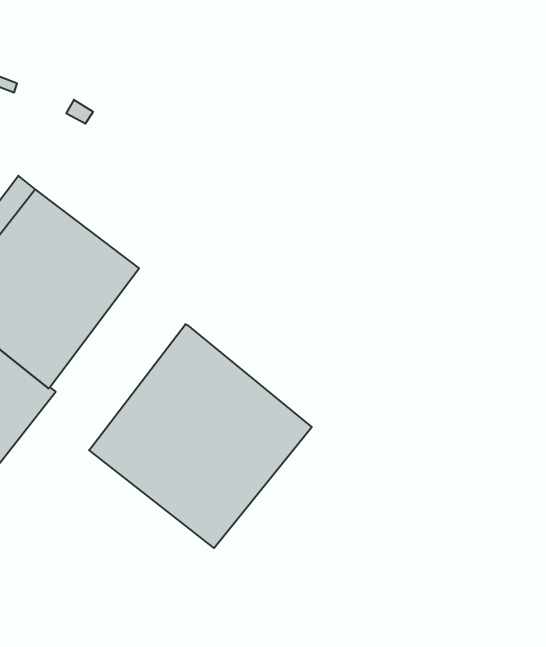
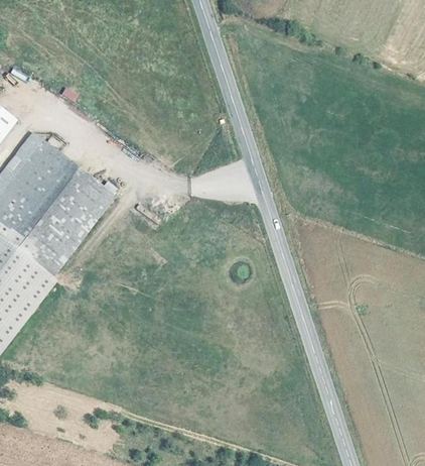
building: [89,324,312,548] -> none

